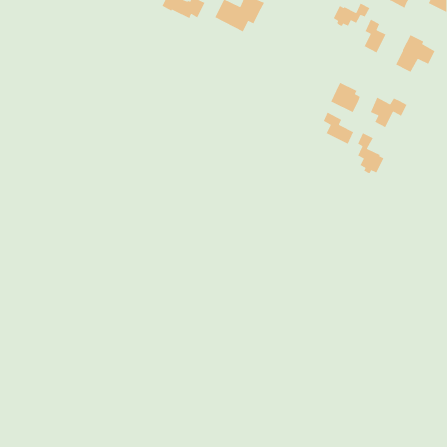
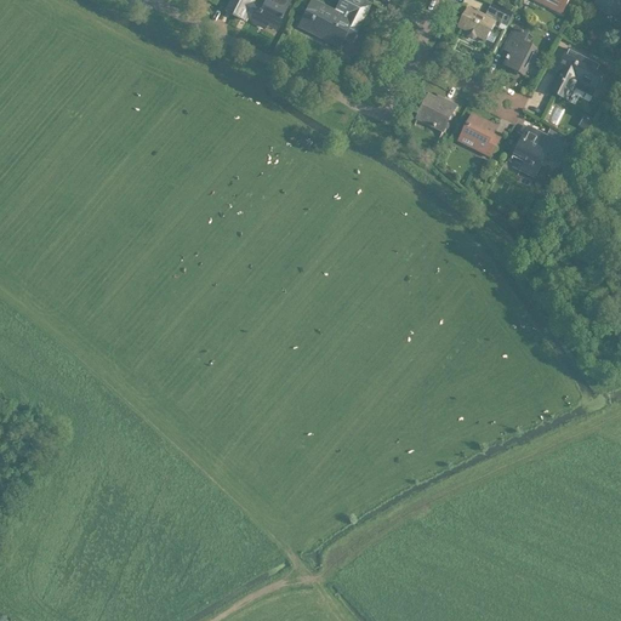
building: none -> [414,93,454,131]
building: [323,112,354,145] -> none
building: [357,132,385,174] -> none

